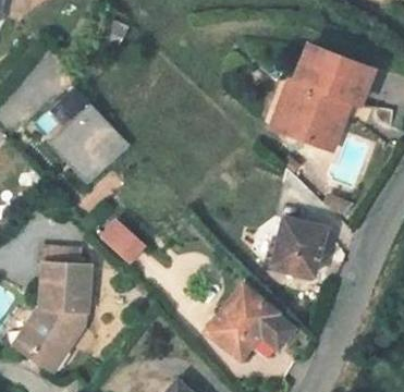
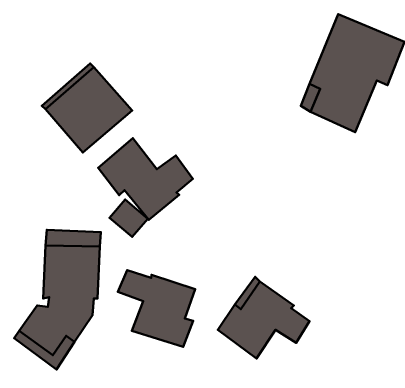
building: none -> [98,138,193,220]
building: [265,218,317,277] -> none
building: none -> [118,270,195,347]

